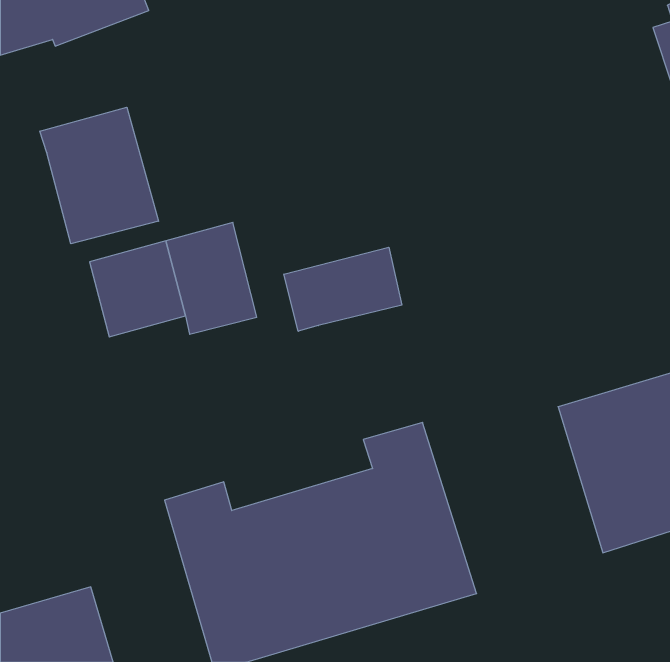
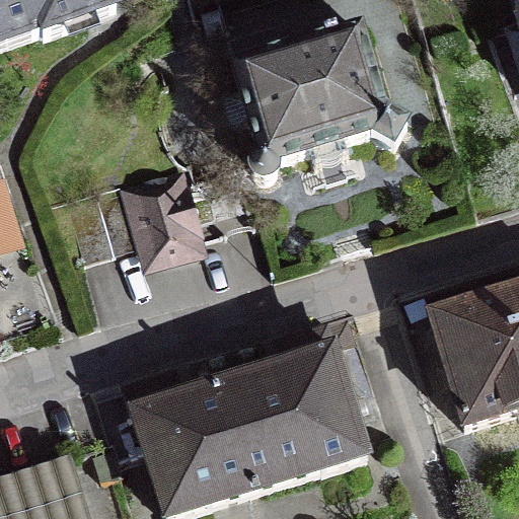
building: none -> [233,27,409,178]
building: [40,107,159,244] -> none
building: [284,247,402,331] -> none

